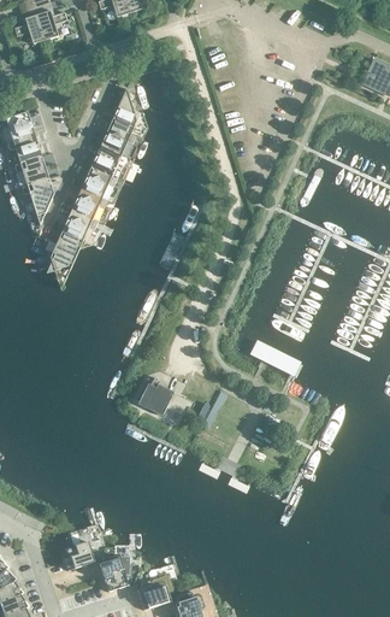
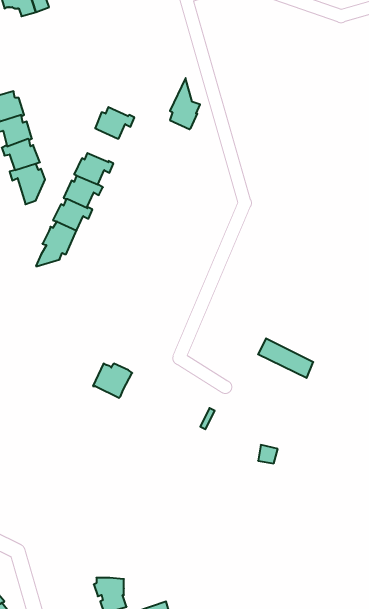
building: [111,88,138,135] -> [170,78,200,129]
building: [89,147,125,177] -> none
building: [137,383,173,415] -> [93,364,132,398]
building: [60,541,94,570] -> none

